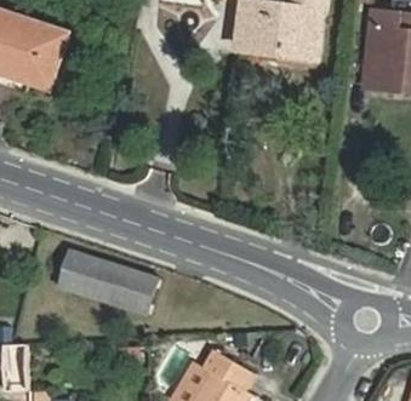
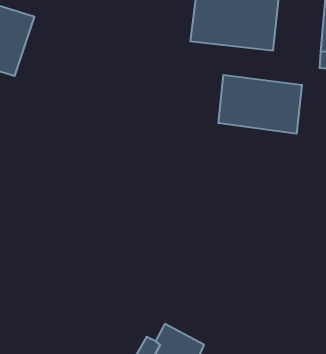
building: none -> [218,75,302,134]
building: [58,250,159,316] -> none

